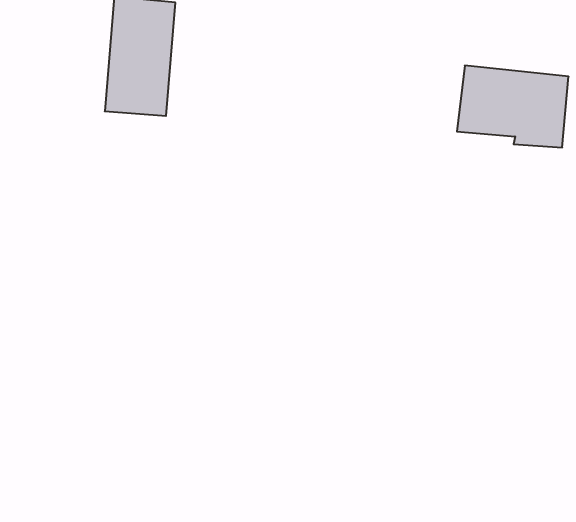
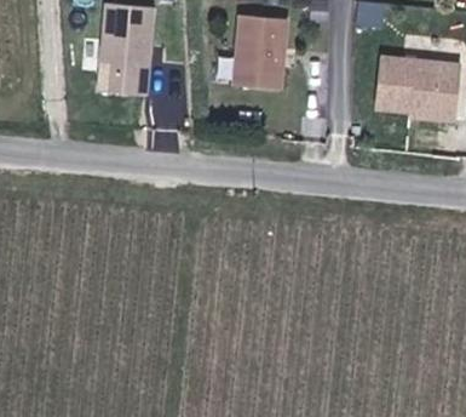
building: none -> [232,13,286,88]

